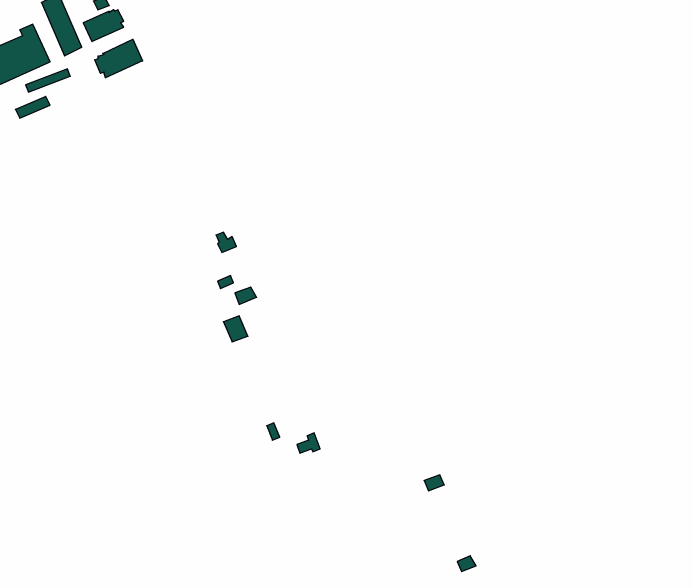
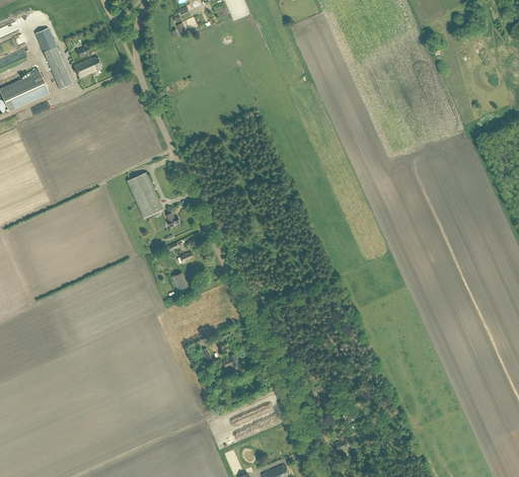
building: [95,39,143,78] -> none
building: none -> [127,171,162,217]

